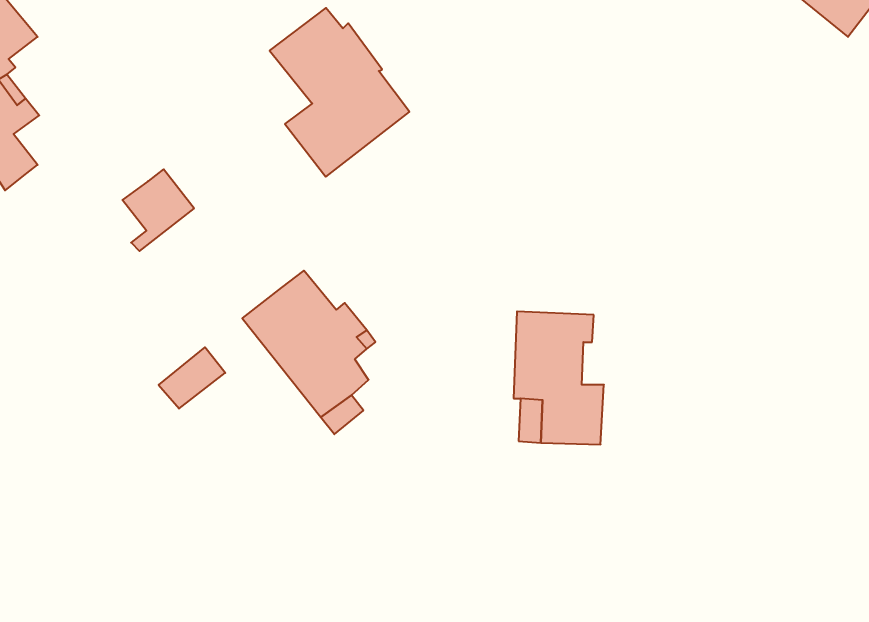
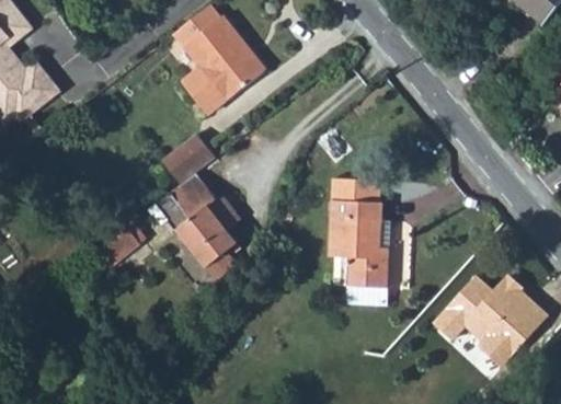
building: [122,169,194,251] -> [10,67,56,119]
building: none -> [163,134,216,185]
building: none -> [431,270,548,365]

